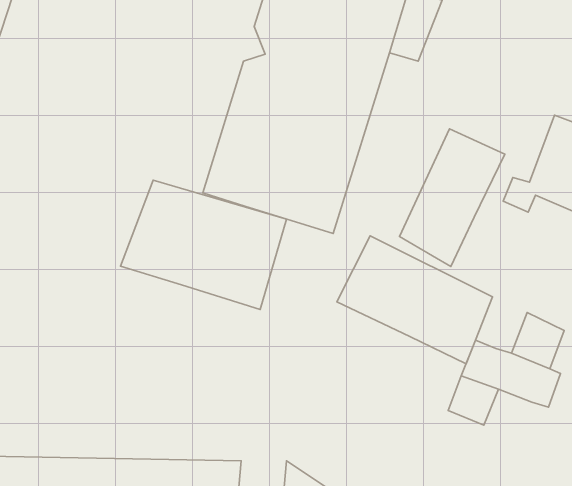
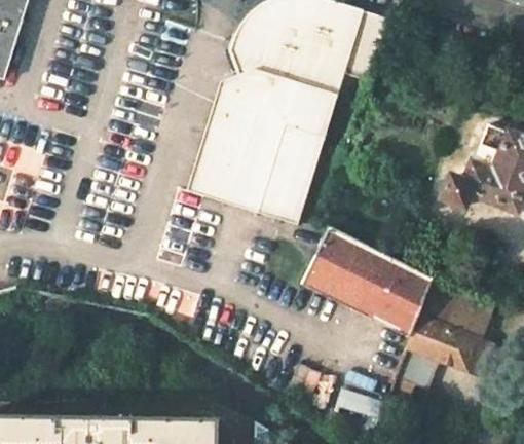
building: [399,129,505,266] -> none
building: [121,180,287,310] -> none

